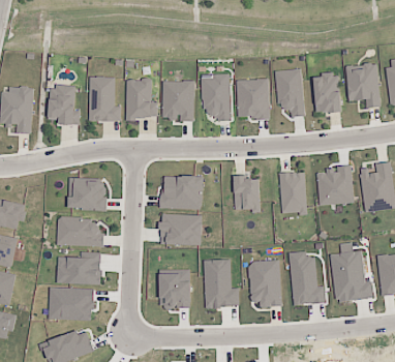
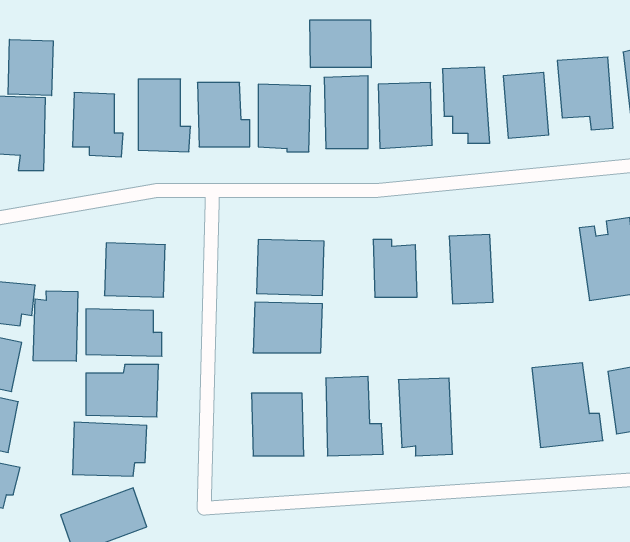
building: none -> [310,20,371,68]
building: none -> [8,39,53,96]
building: [316,168,353,204] -> none
building: none -> [33,291,78,361]
building: [290,252,325,304] -> none

